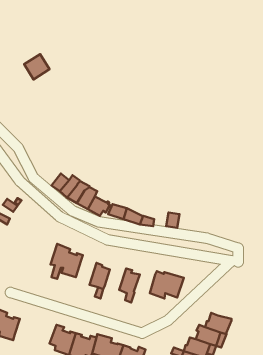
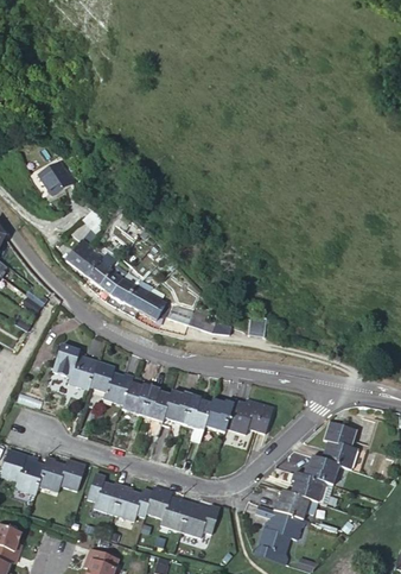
building: [24,54,50,80] -> [39,160,75,196]
building: none -> [66,239,106,277]
building: none -> [52,345,97,390]
building: none -> [122,381,152,416]
building: none -> [164,390,193,423]
building: none -> [204,398,234,433]
building: none -> [322,421,358,469]
building: none -> [38,455,85,492]

